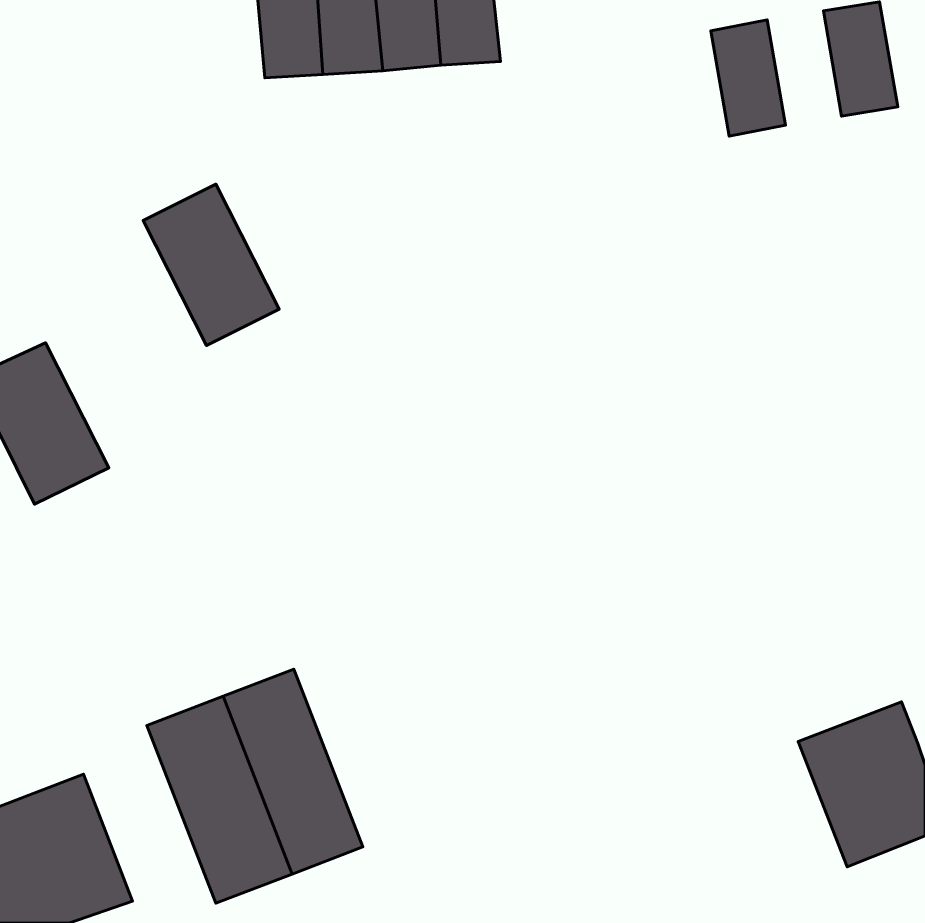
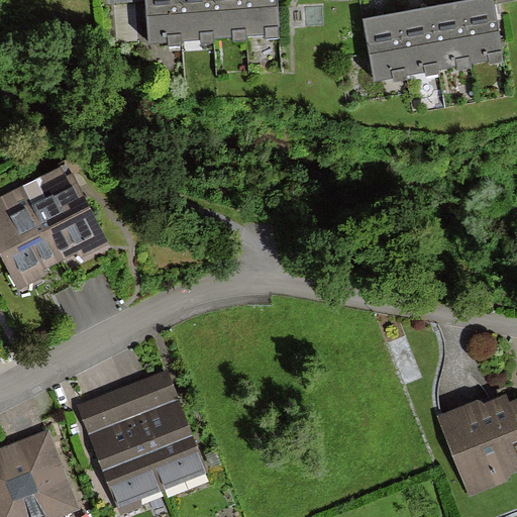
building: none -> [427,6,469,70]
building: none -> [365,17,406,81]
building: [143,184,279,346] -> [25,171,101,261]

